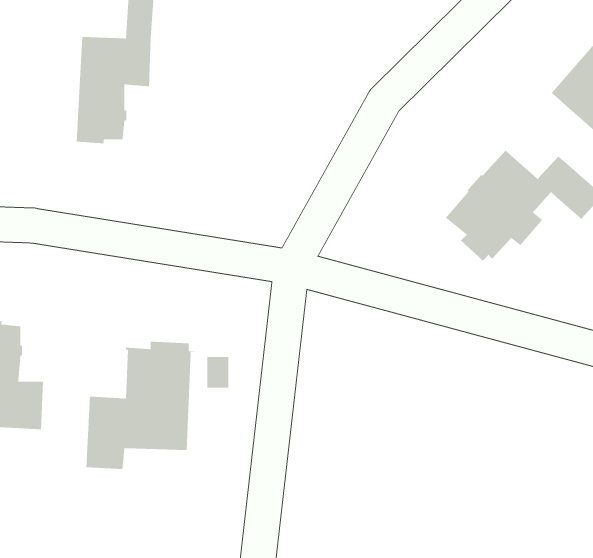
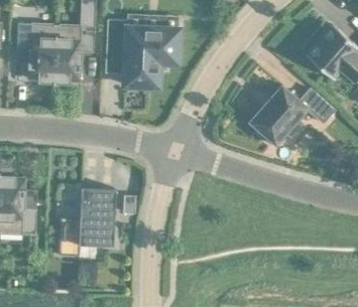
building: none -> [106,19,178,87]
building: none -> [17,23,56,82]

